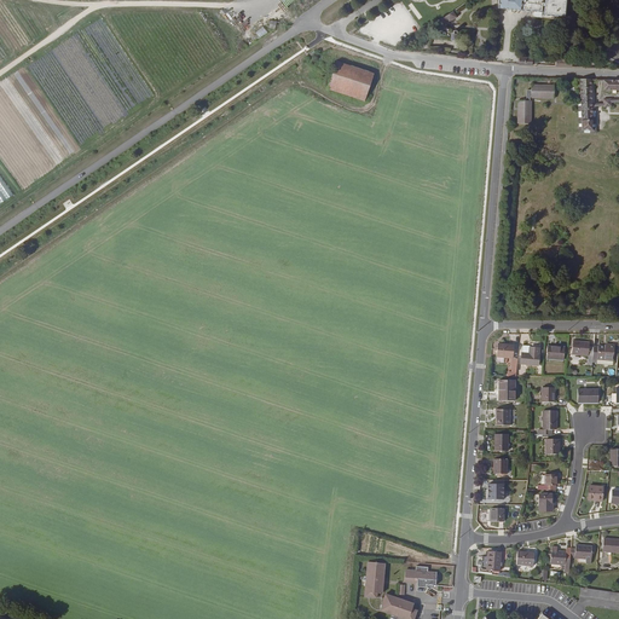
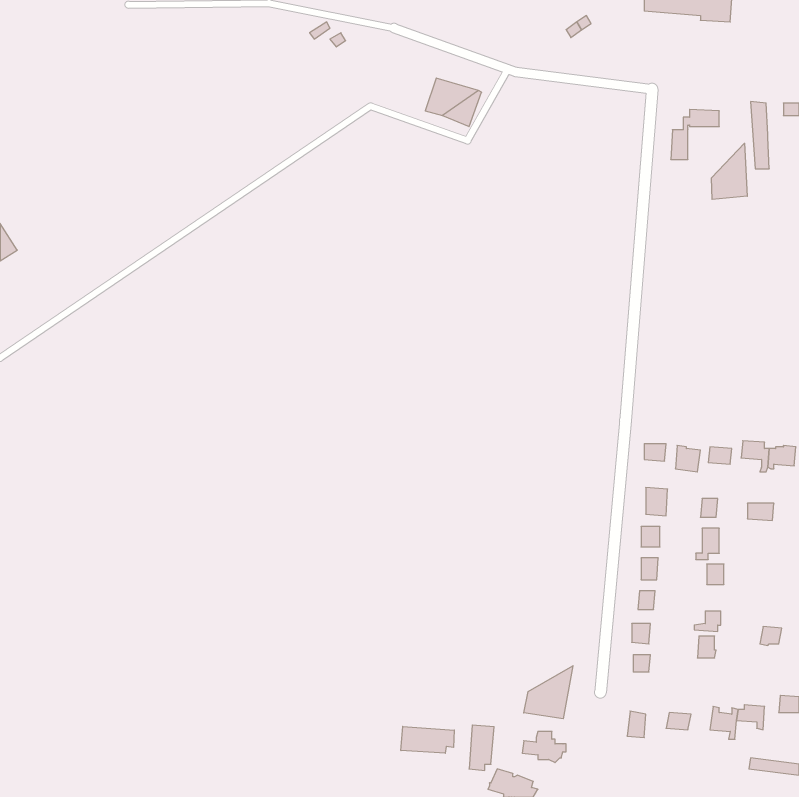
building: none -> [711,143,747,199]
building: none -> [524,666,573,719]
building: none -> [401,726,454,753]

